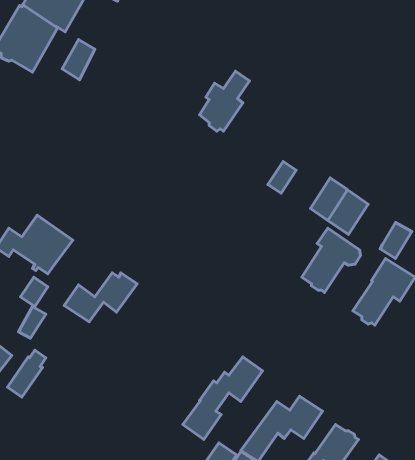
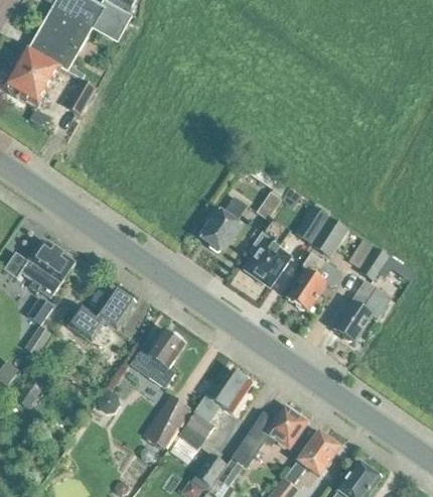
building: [199,71,250,131] -> [200,197,247,252]
building: none -> [248,220,289,284]
building: none -> [130,329,185,390]
building: none -> [143,394,192,450]

